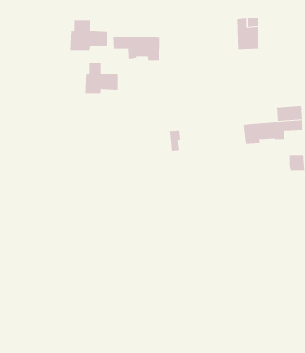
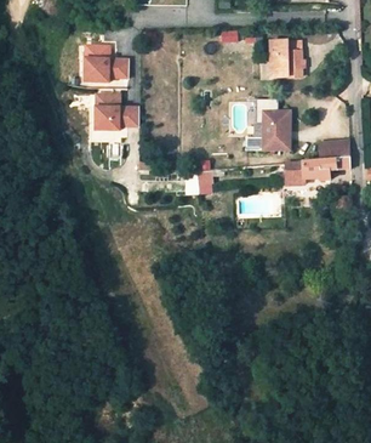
building: [113,36,160,61] -> none
building: none -> [241,100,286,152]

